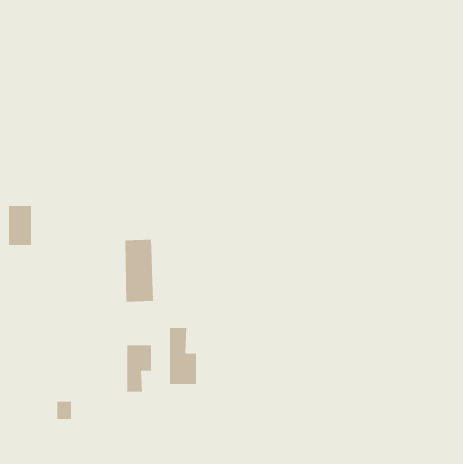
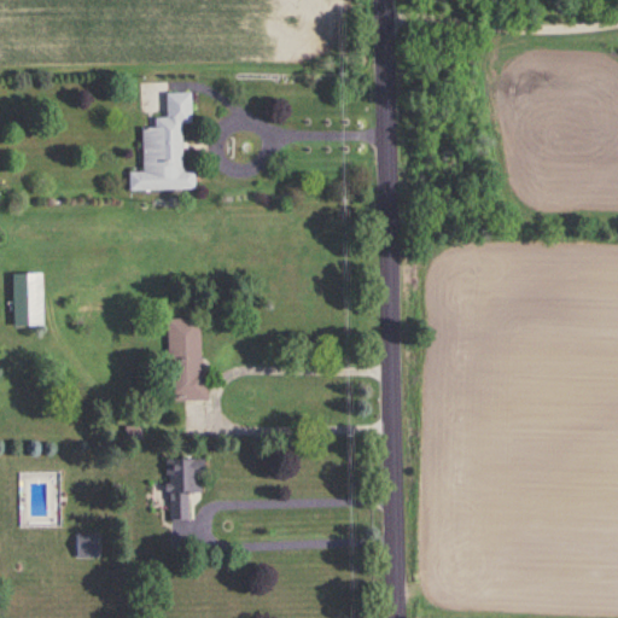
building: none -> [129,92,197,191]
building: [170,327,196,385] -> none

